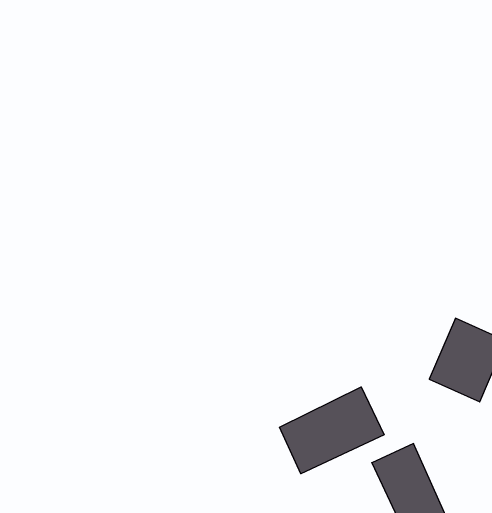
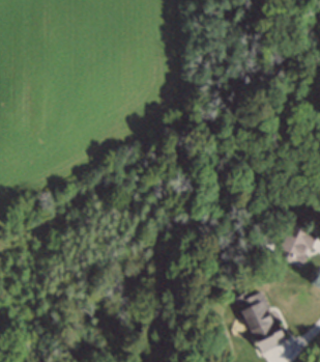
building: [279,387,384,474] -> none

